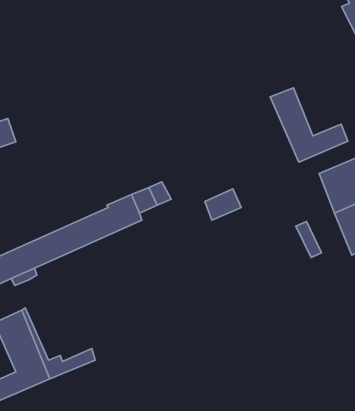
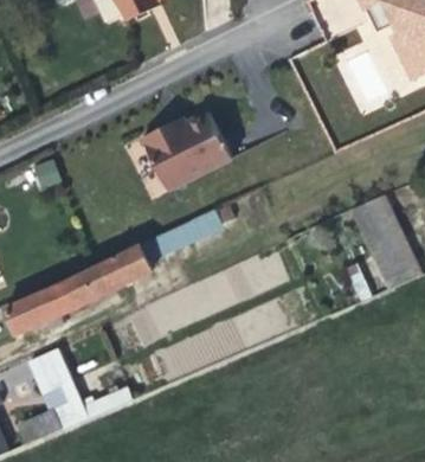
building: [270,88,348,162] -> none
building: none -> [139,129,228,195]

